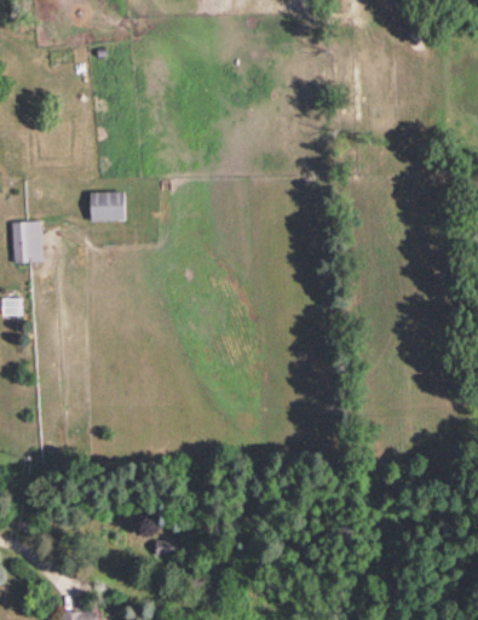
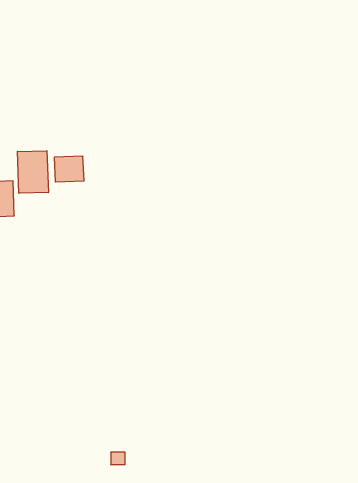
building: none -> [17,151,48,193]

